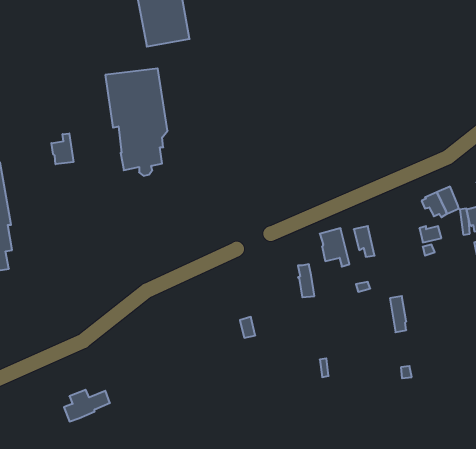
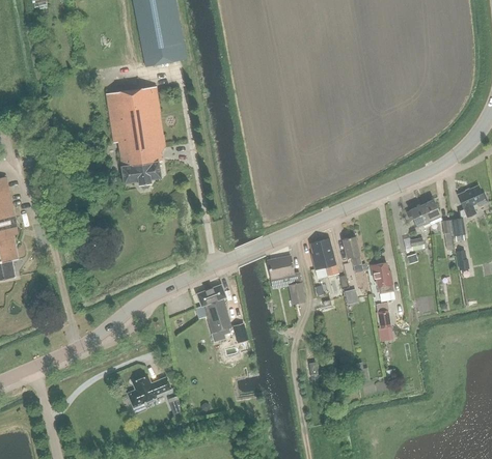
building: [51,133,73,164] -> none
building: none -> [268,256,293,279]
building: none -> [371,262,394,294]
building: none -> [196,284,231,334]
building: [64,390,110,421] -> [127,376,170,406]

